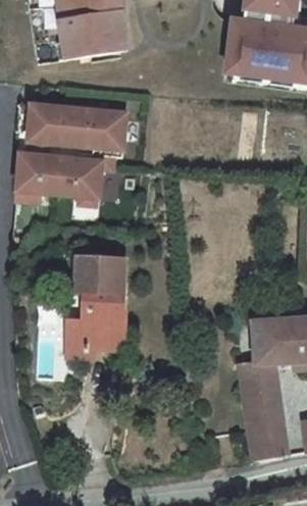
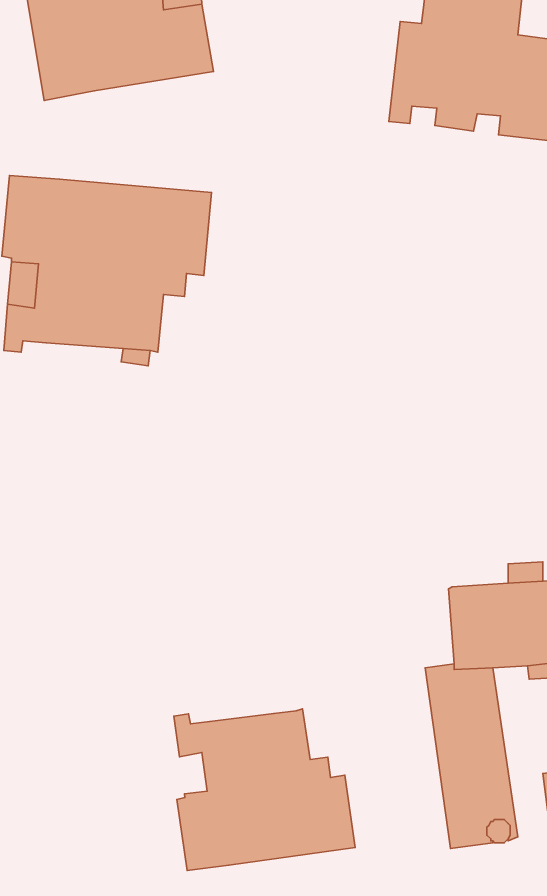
building: [66,255,125,357] -> none
building: none -> [174,709,355,870]

